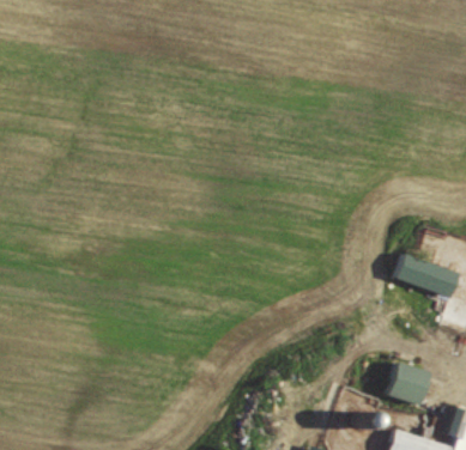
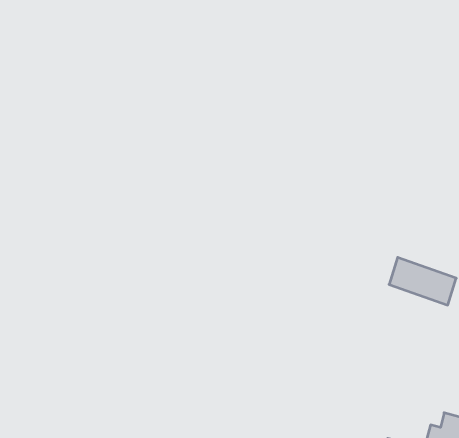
building: [388,361,432,405] -> none

